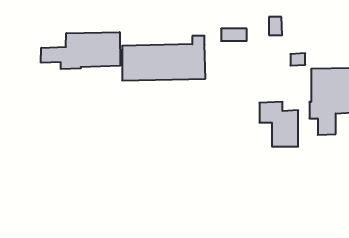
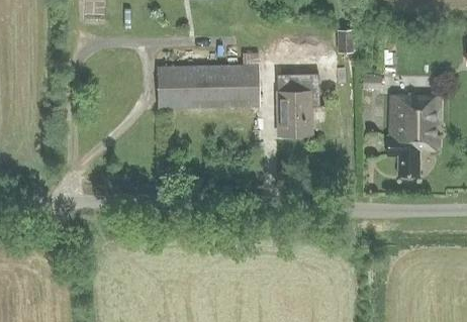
building: [41,32,120,69] -> none
building: [259,102,298,147] -> [264,81,311,135]

